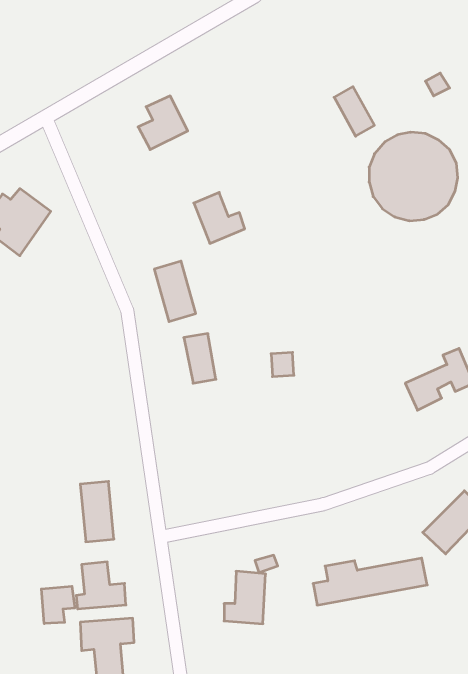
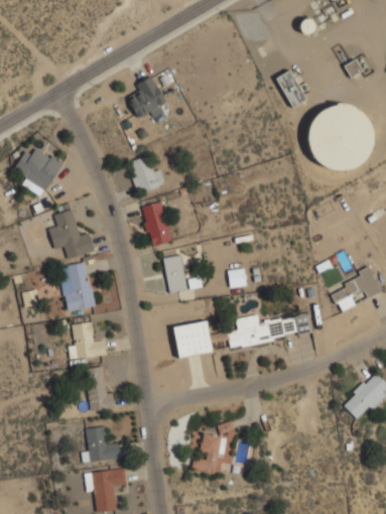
building: [194,192,245,243] -> [127,155,165,194]
building: none -> [49,209,95,258]
building: none -> [58,261,95,310]
building: none -> [173,320,213,357]
building: none -> [70,323,106,358]
building: [313,558,427,605] -> [227,312,312,348]
building: [41,586,75,624] -> none

